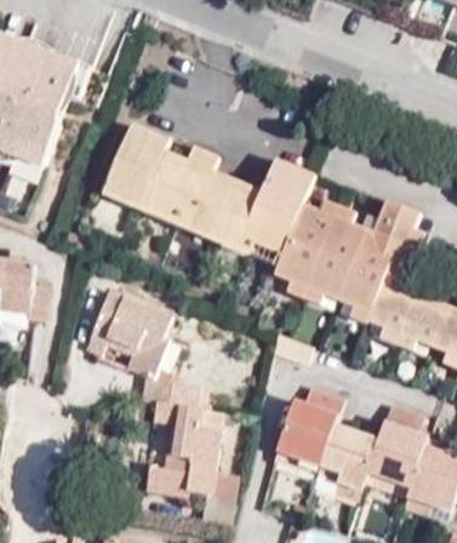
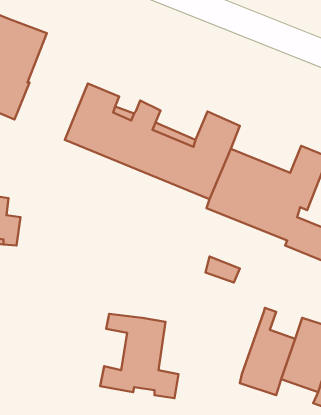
building: [84,290,199,406] -> none
building: [274,387,342,474] -> none

